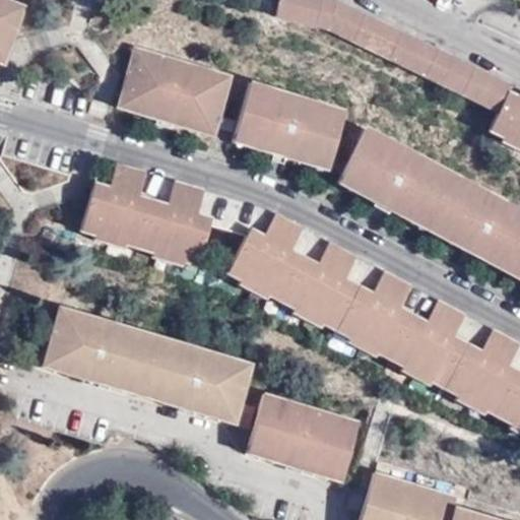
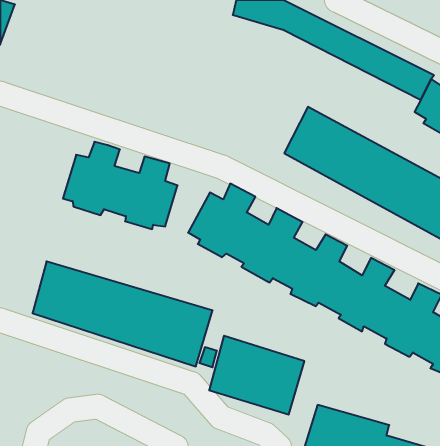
building: [117,47,232,136] -> none
building: [235,82,345,172] -> none

